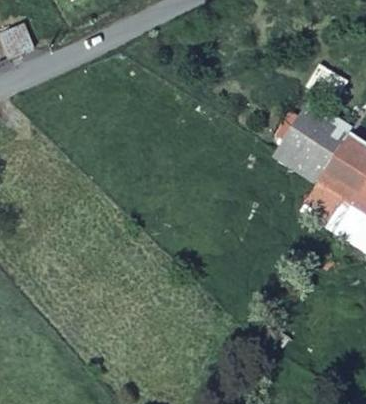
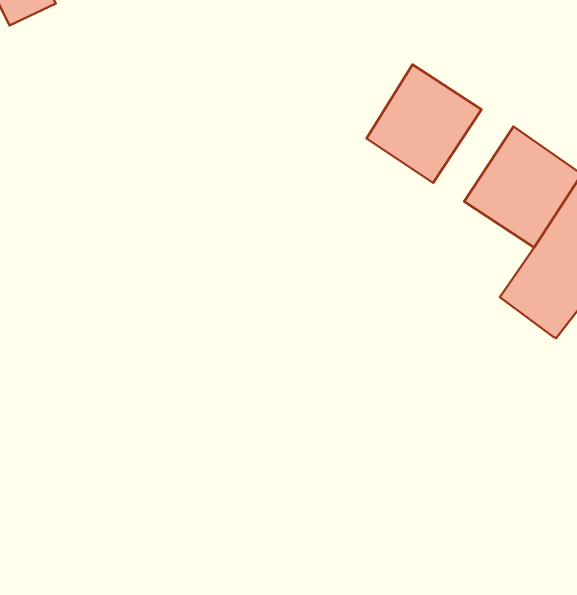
building: none -> [366,64,481,183]

